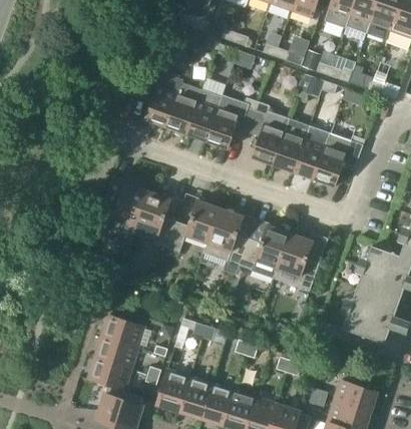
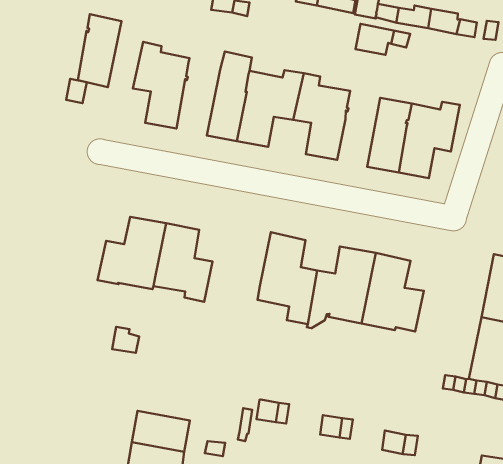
building: [166,82,202,134] -> [78,14,121,87]
building: [274,118,310,172] -> none
building: [167,199,221,253] -> none

